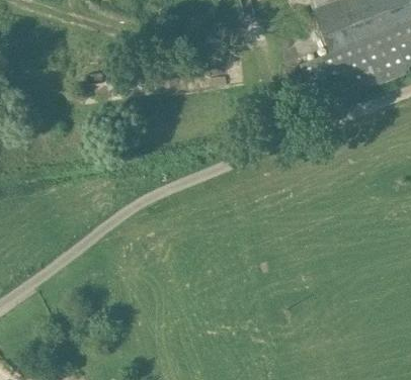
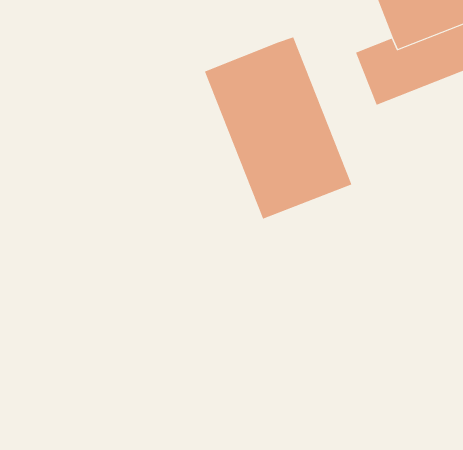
building: none -> [204,36,352,220]

